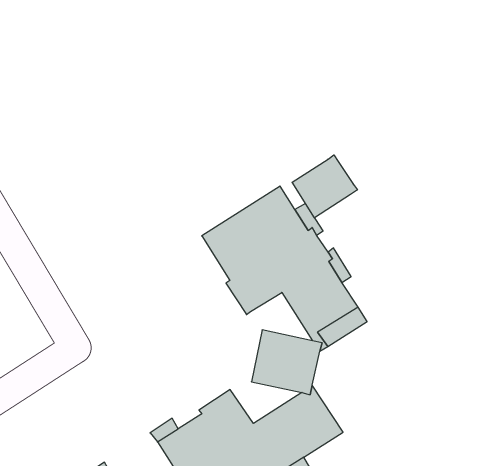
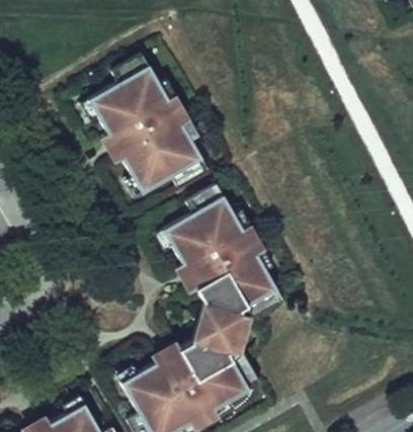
building: none -> [87,65,201,193]
building: [292,155,357,218] -> none

